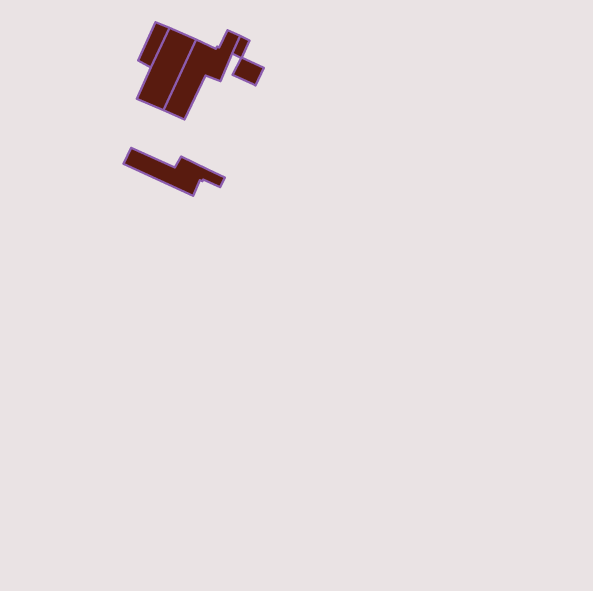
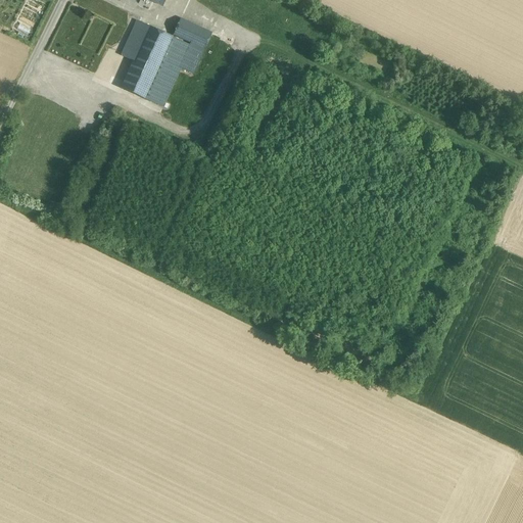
building: [232,58,264,85] -> [173,17,200,42]
building: [124,148,225,196] -> none

